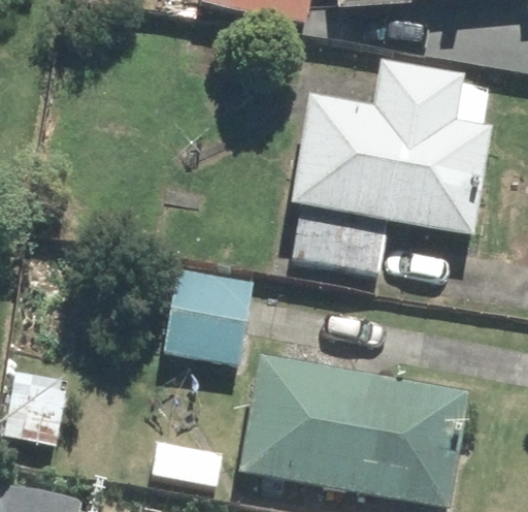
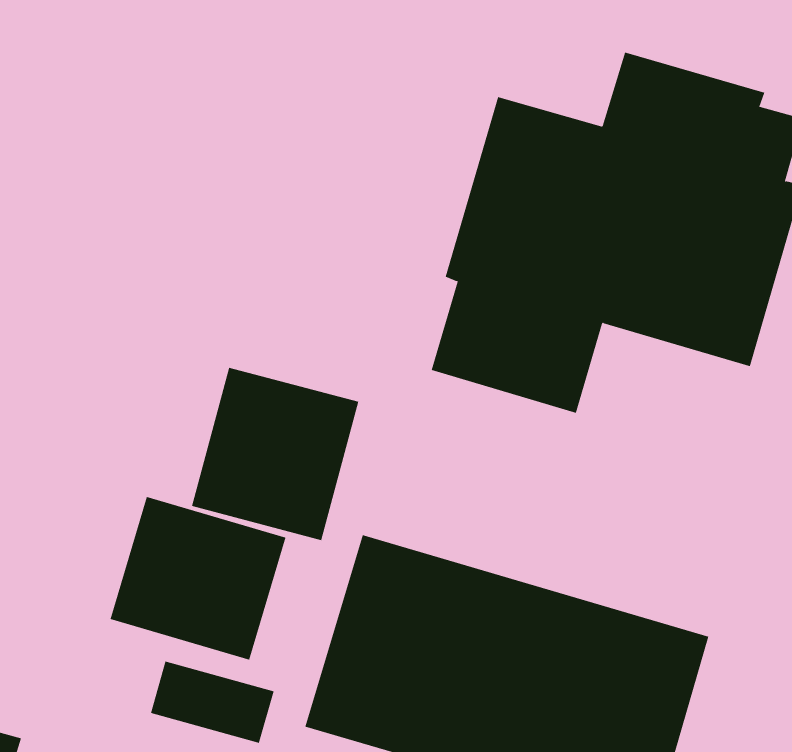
building: none -> [110,496,286,660]

